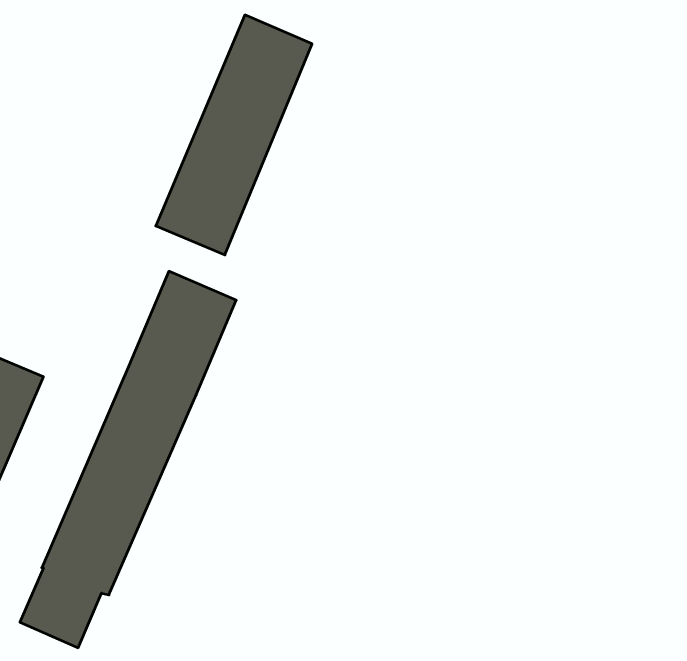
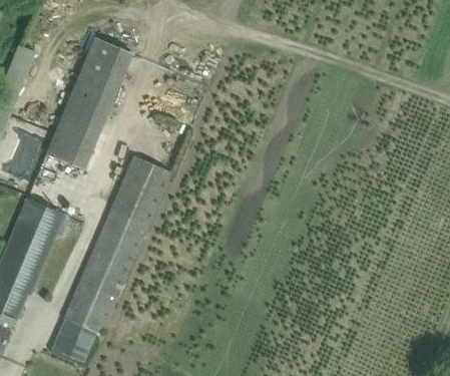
building: [156,15,312,255] -> [46,37,132,169]

